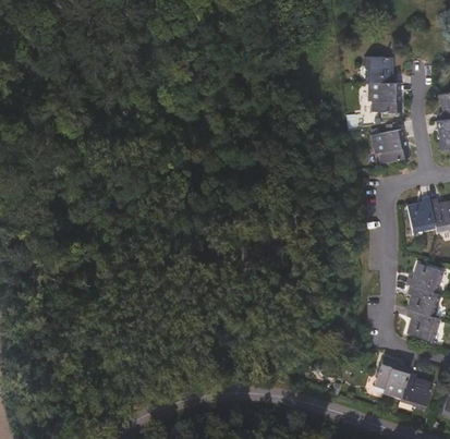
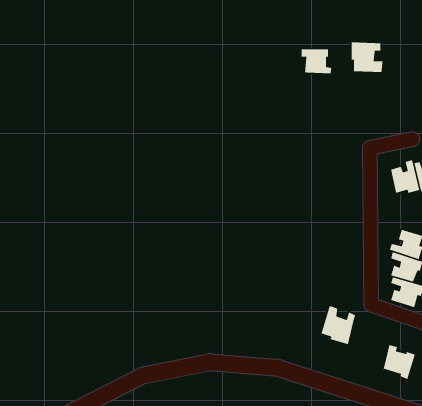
building: [364,58,394,83] -> [301,49,332,74]
building: [372,130,409,163] -> none
building: [374,358,409,398] -> [320,305,356,345]

